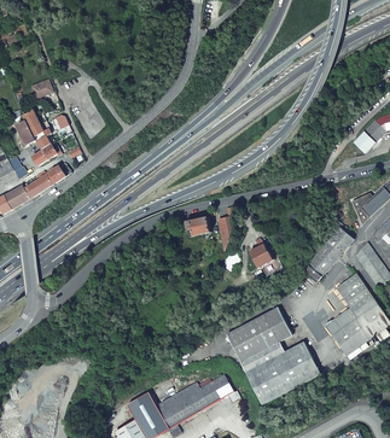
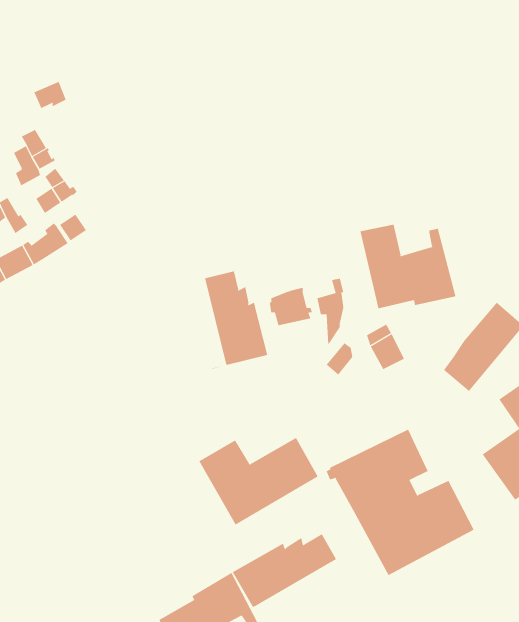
building: none -> [360,224,456,309]
building: none -> [204,270,268,369]
building: none -> [198,437,318,525]

